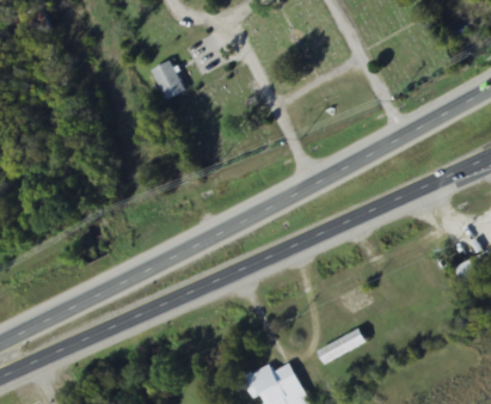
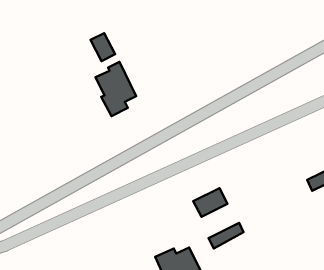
building: none -> [96,62,136,116]
building: none -> [193,188,228,217]

